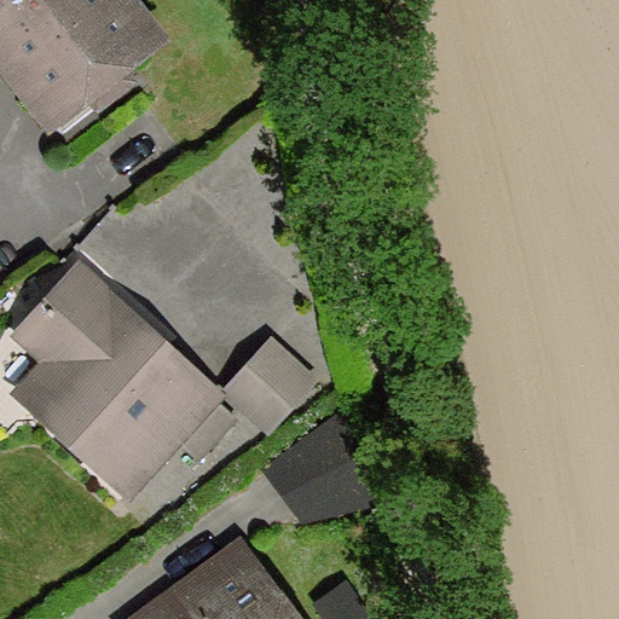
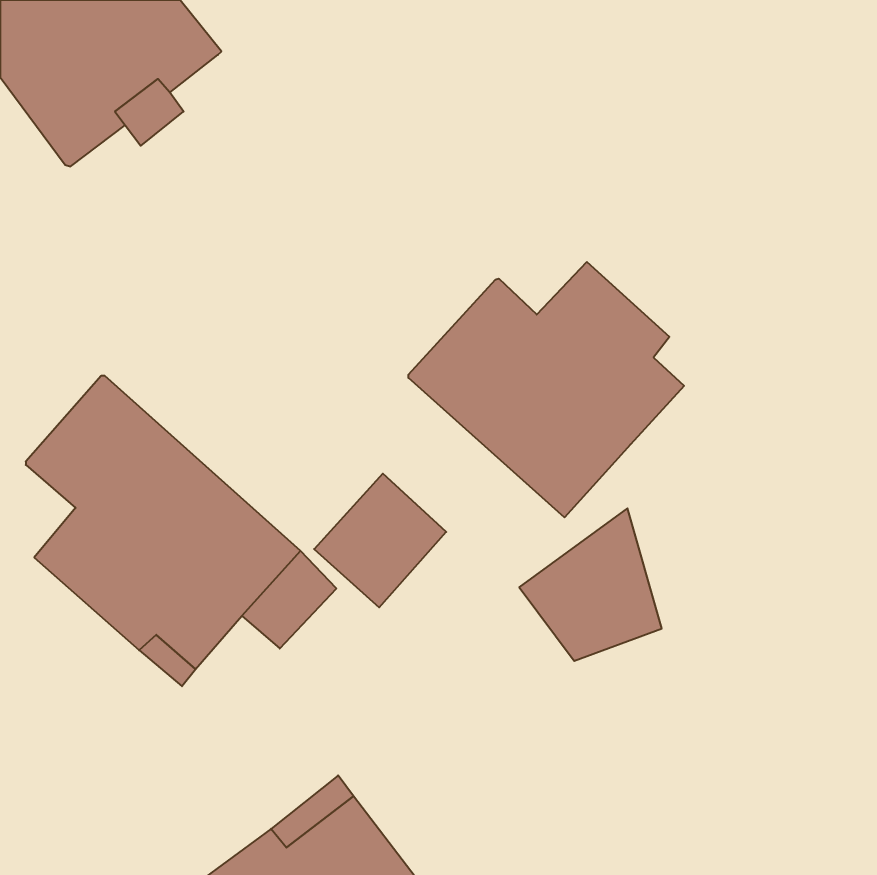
building: none -> [408,262,684,517]
building: [267,413,368,521] -> [519,508,662,661]

